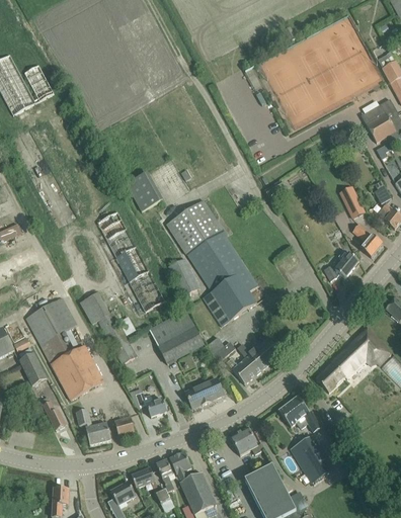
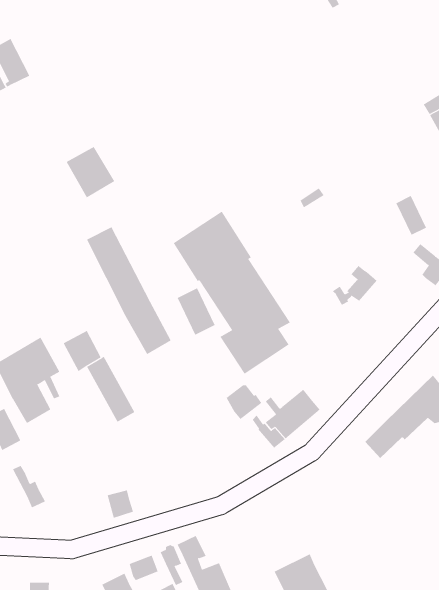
building: [125,171,163,211] -> [66,146,115,198]
building: [323,249,358,280] -> [332,265,378,305]
building: [149,310,204,363] -> none
building: [51,345,103,400] -> none
building: [184,377,223,408] -> none
building: [135,392,166,417] -> none
building: [277,396,320,431] -> none
building: [76,409,110,445] -> none
building: [230,427,263,455] -> none
building: [290,436,330,482] -> none

